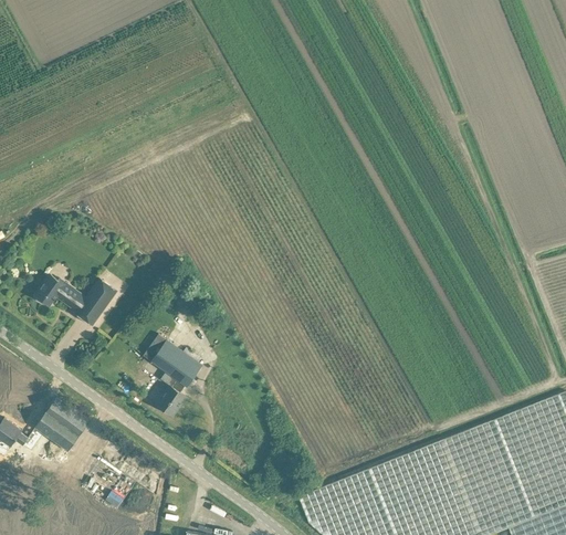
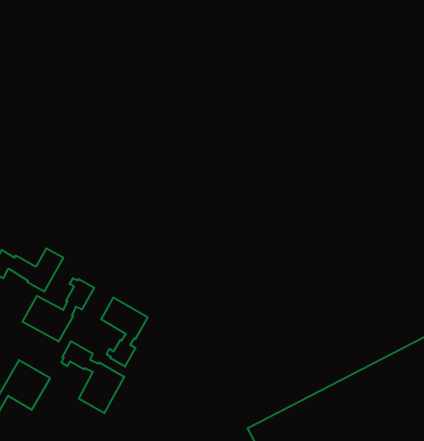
building: none -> [22,278,94,342]
building: none -> [61,341,124,413]

